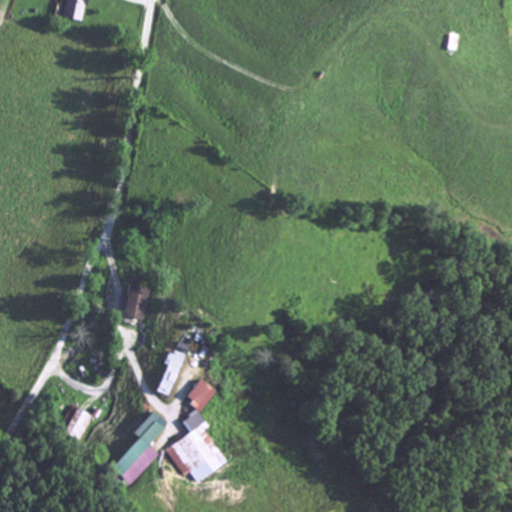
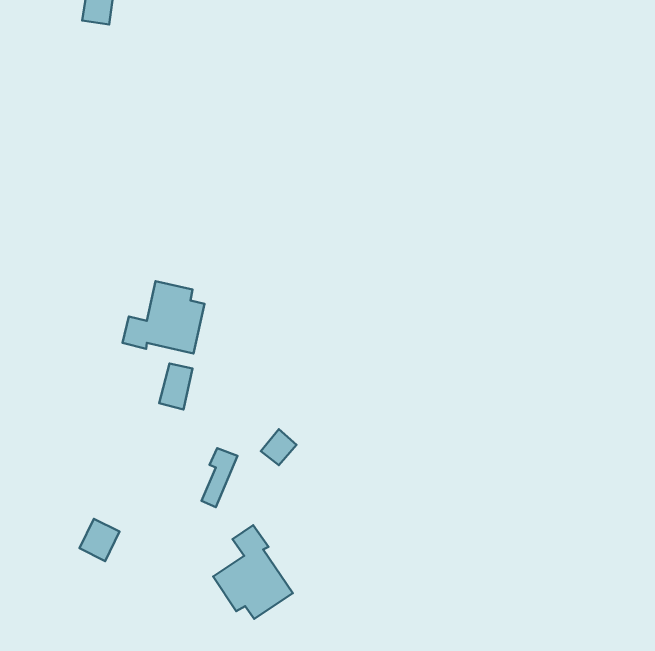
building: none -> [123,281,204,353]
building: [187,378,215,406] -> [261,429,297,465]
building: [114,410,168,484] -> none

